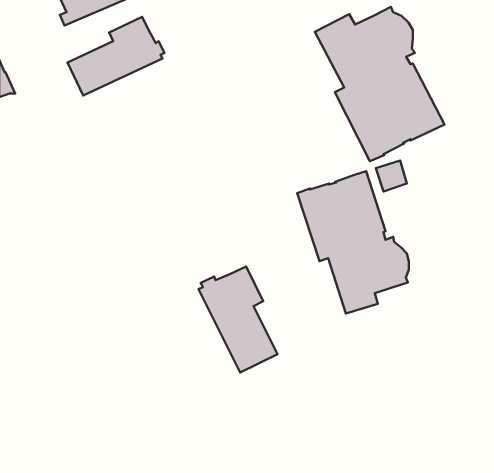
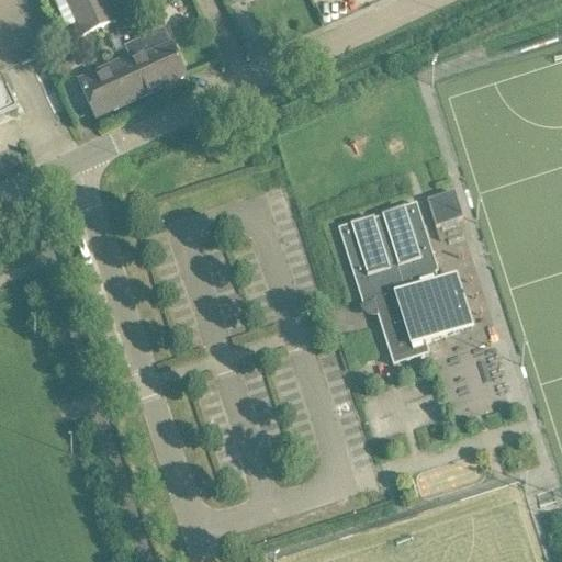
building: [315,7,445,161] -> none
building: [198,266,277,372] -> none

